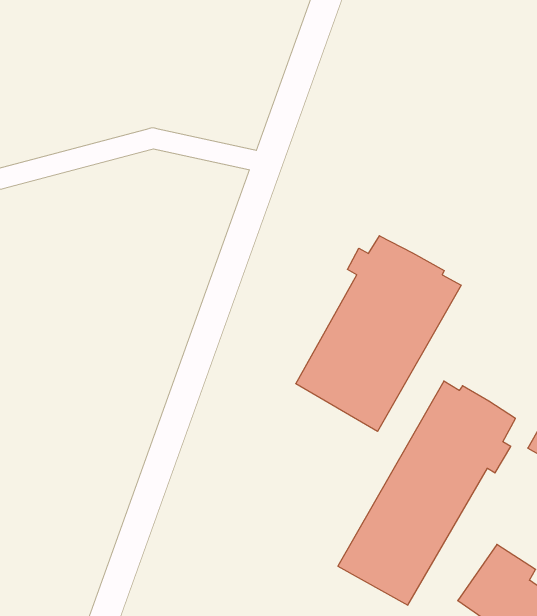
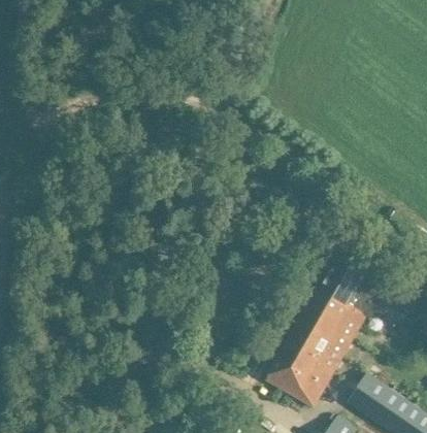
building: [296,236,461,431] -> none

